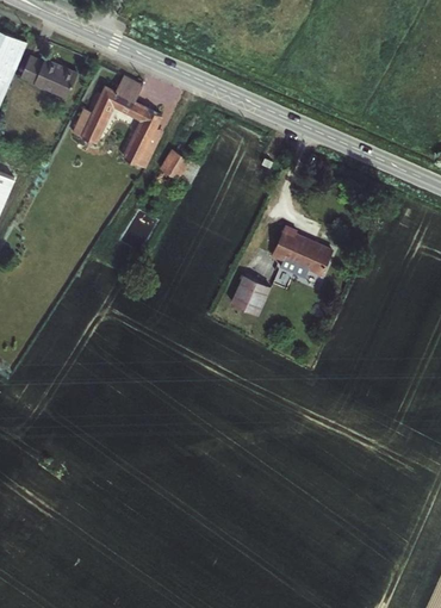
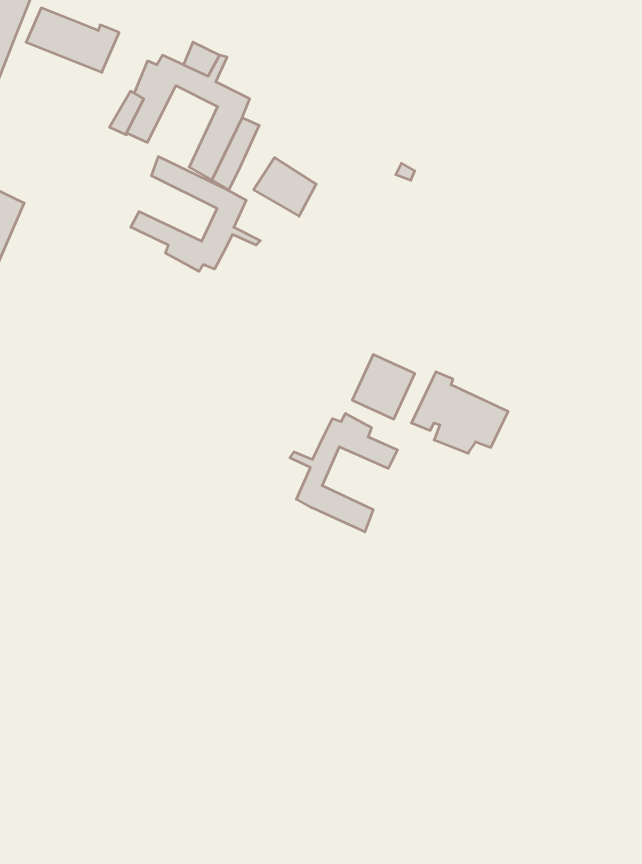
building: none -> [131,157,260,271]
building: [262,222,323,273] -> [411,372,508,453]
building: none -> [290,413,397,532]

